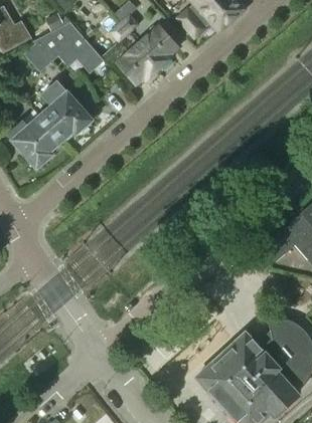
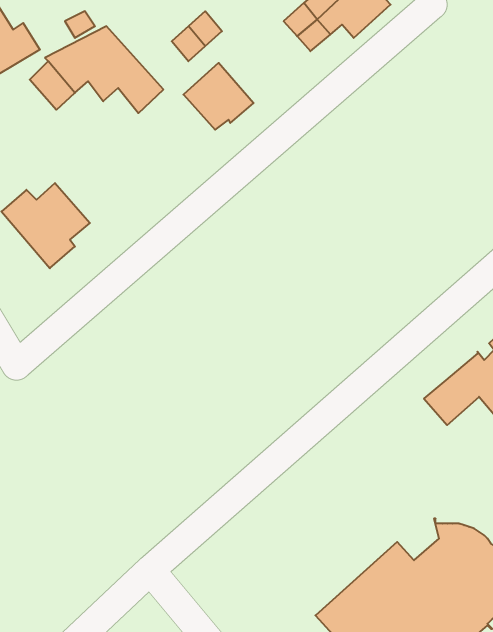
building: [138,26,178,68] -> none
building: [39,81,91,141] -> none

